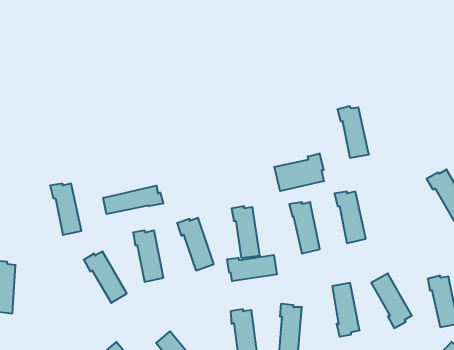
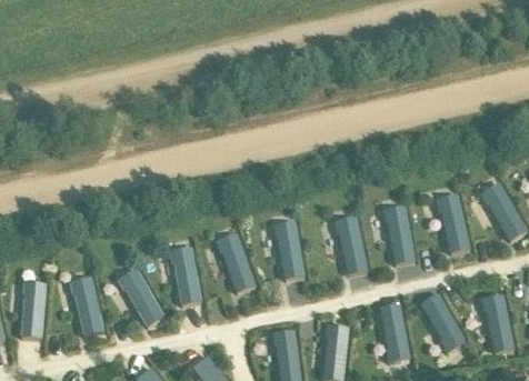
building: [337,106,369,158] -> [436,197,469,251]
building: [274,153,324,191] -> none
building: [50,184,82,235] -> [69,280,102,334]
building: [103,186,163,214] -> none
building: [227,255,277,281] -> none

